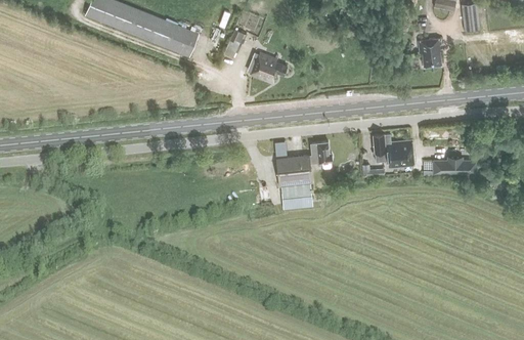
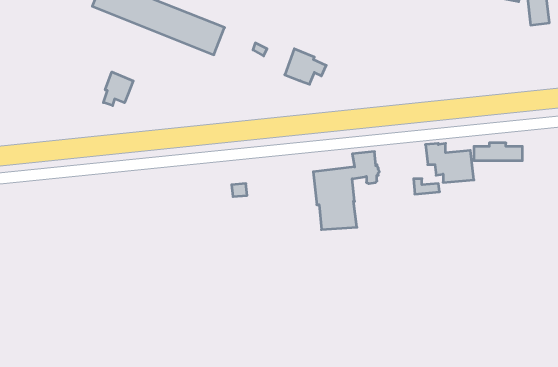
building: [417,37,441,66] -> none
building: none -> [103,72,133,106]
building: [433,157,475,172] -> [474,143,522,161]

